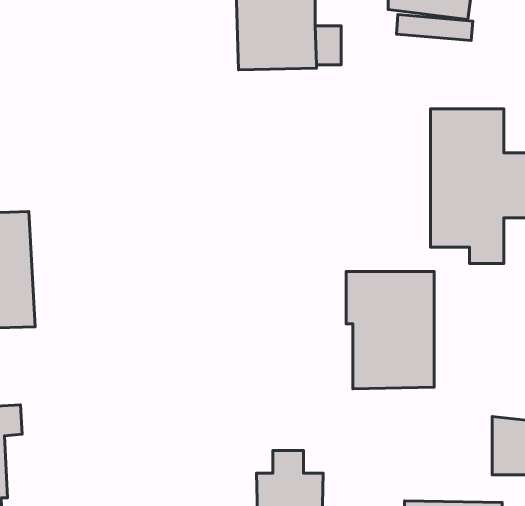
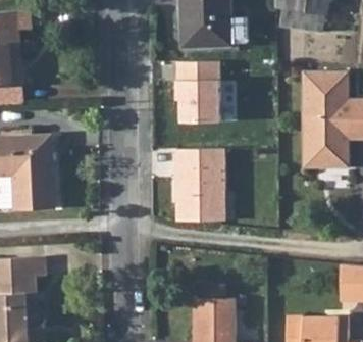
building: none -> [175,61,220,123]
building: [346,272,434,389] -> [170,148,225,222]

